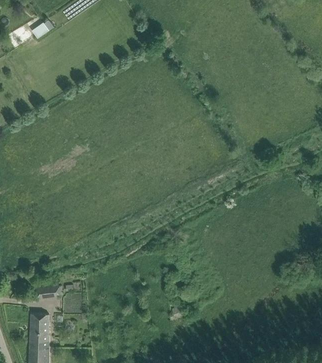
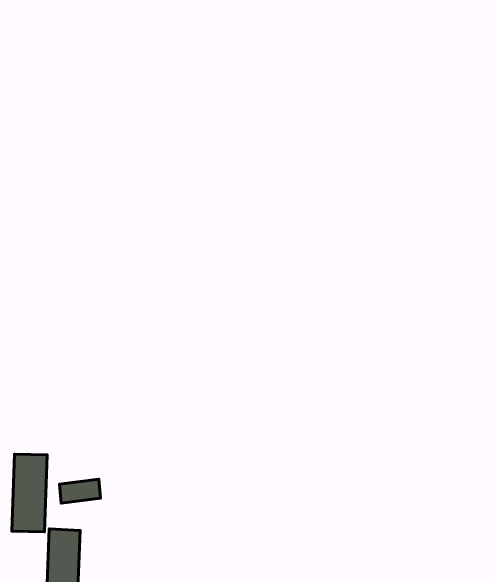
building: none -> [12,454,47,532]

